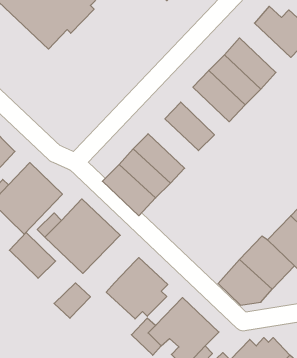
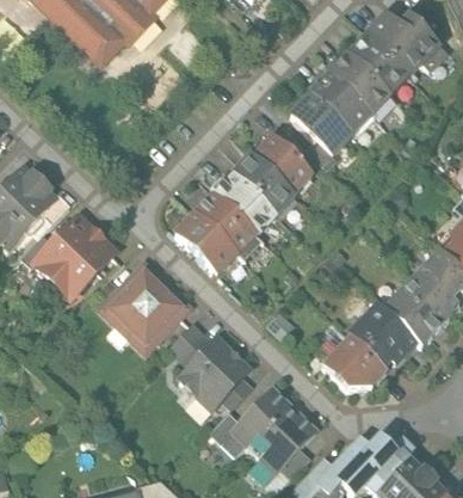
building: none -> [345,32,410,96]
building: none -> [228,153,295,219]
building: [9,232,56,278] -> none
building: [54,283,90,318] -> [165,320,211,365]

